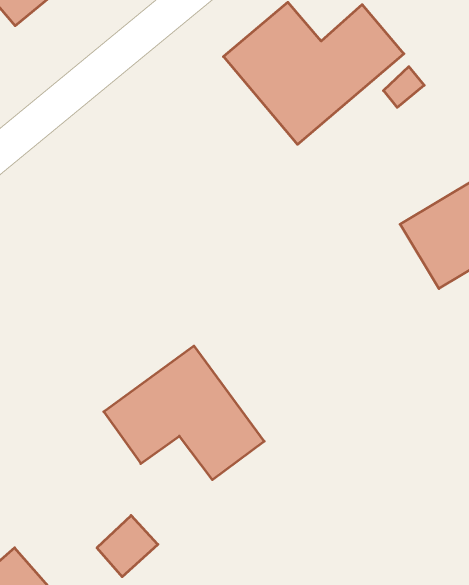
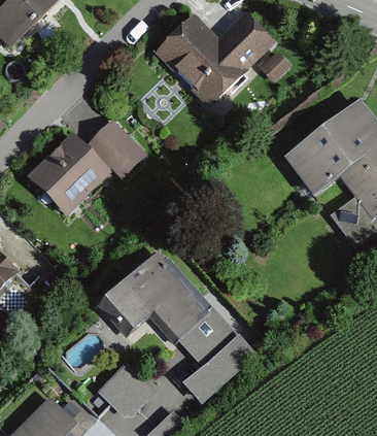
building: none -> [27,120,142,223]
building: none -> [187,320,252,394]

